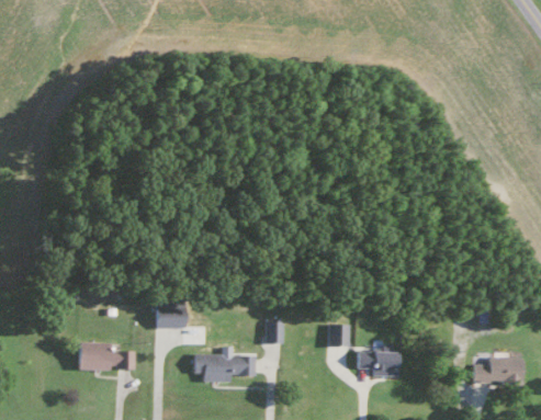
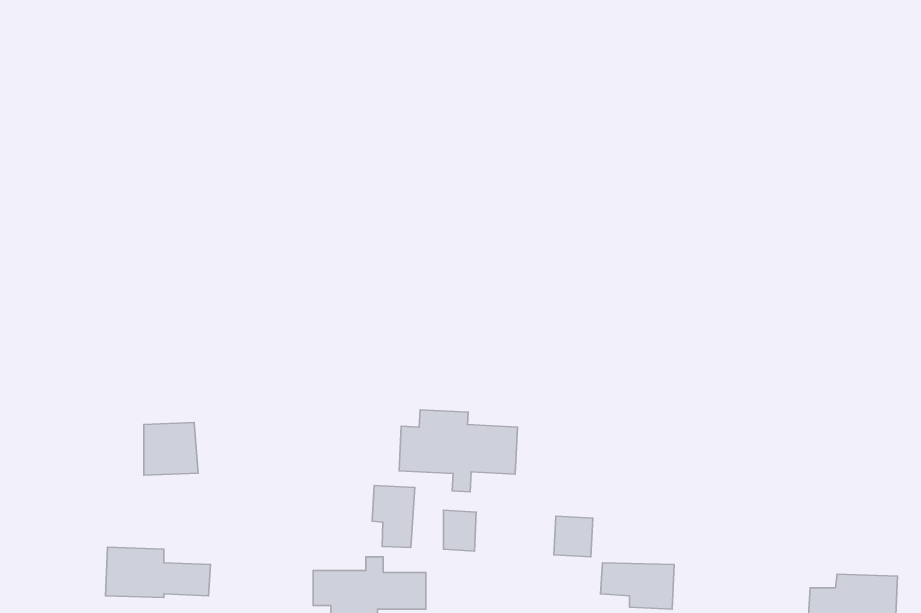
building: none -> [399,410,517,492]
building: [155,299,185,329] -> [144,423,198,475]
building: none -> [372,485,415,548]

